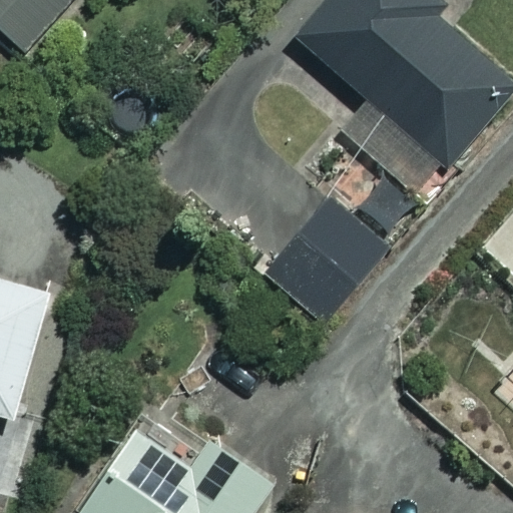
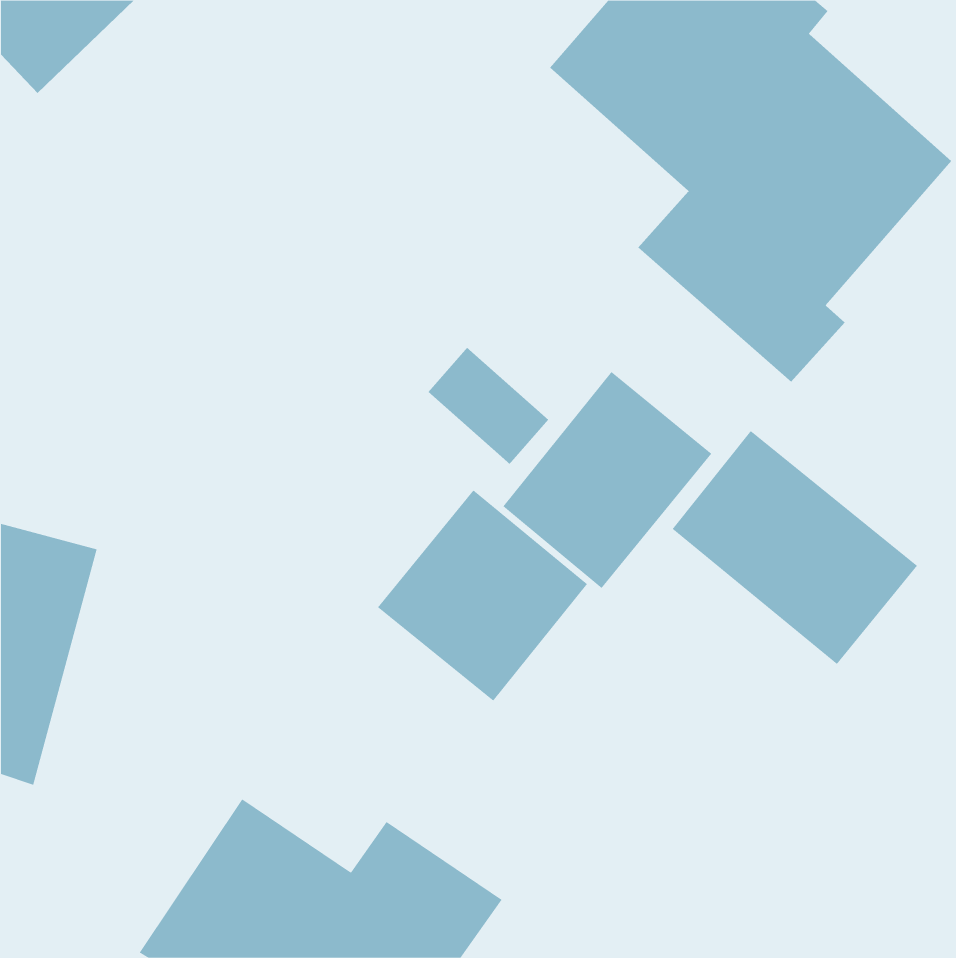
building: none -> [672,430,918,665]
building: none -> [377,489,588,701]

